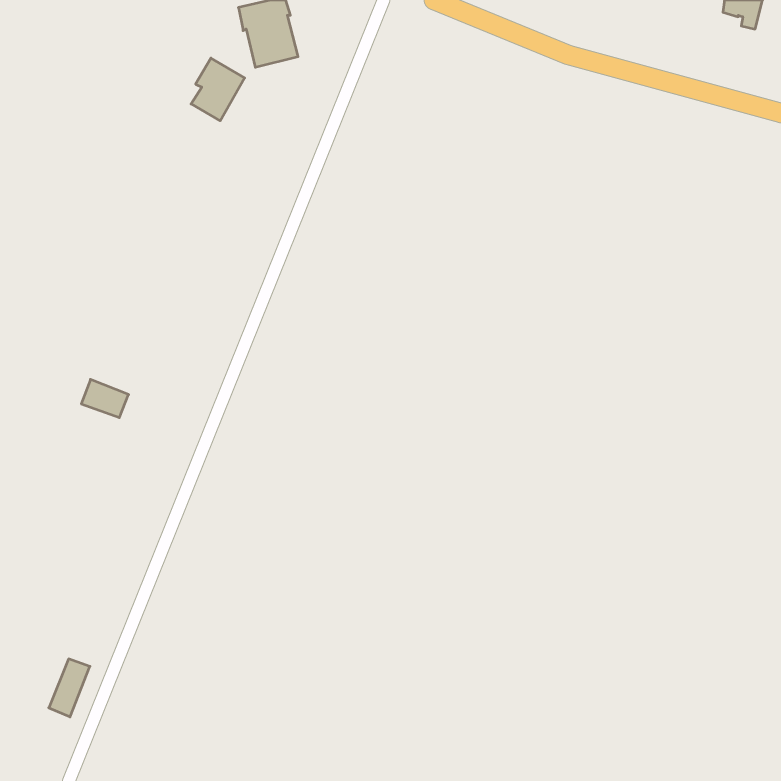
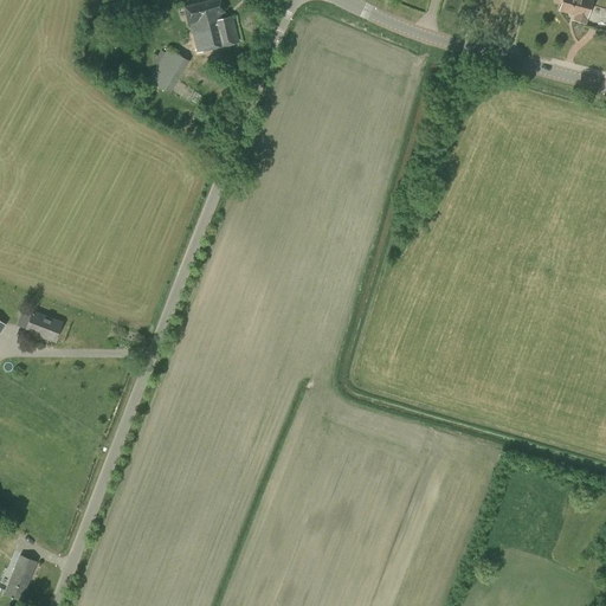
building: [81,379,129,418] -> [25,311,62,341]
building: [49,659,90,717] -> [5,555,37,600]

